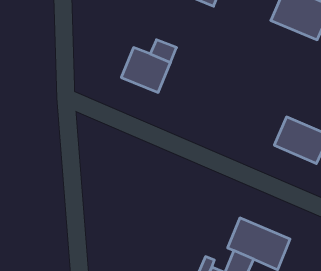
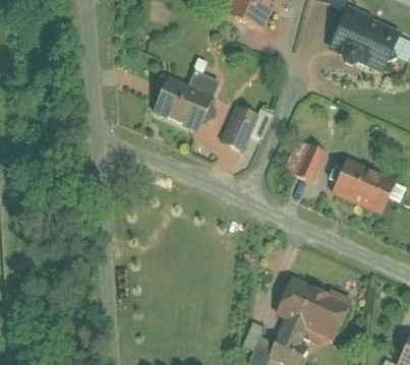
building: none -> [222,104,258,149]
building: none -> [284,136,327,181]

